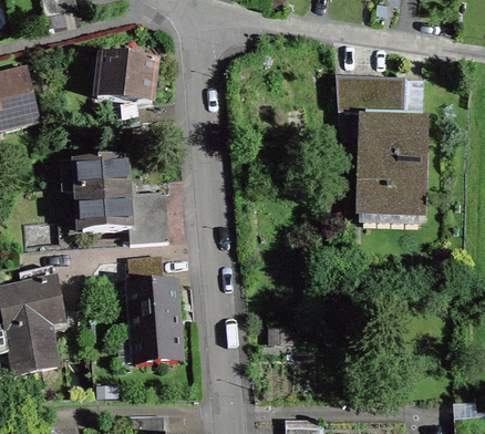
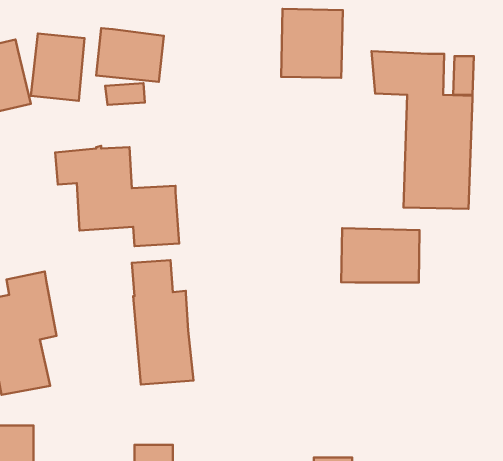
building: none -> [281,9,343,78]
building: none -> [31,33,85,101]
building: none -> [341,228,420,283]

